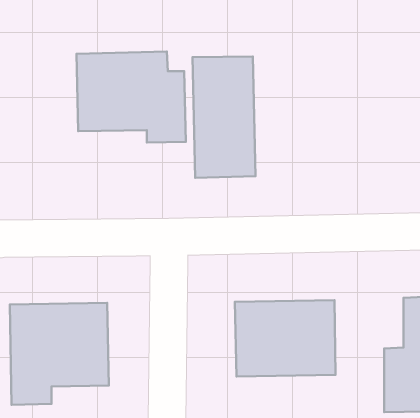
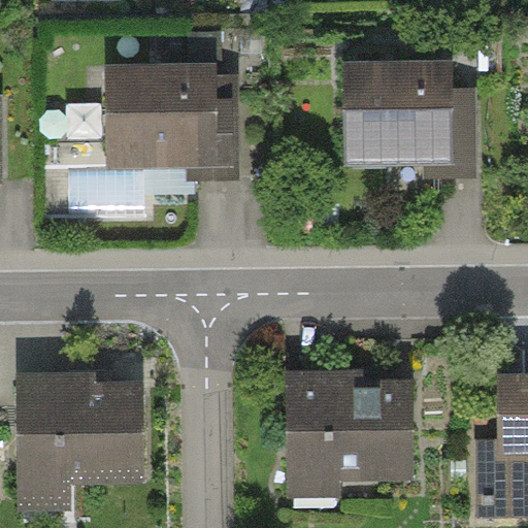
building: none -> [337,64,473,177]
building: [193,57,255,178] -> none

